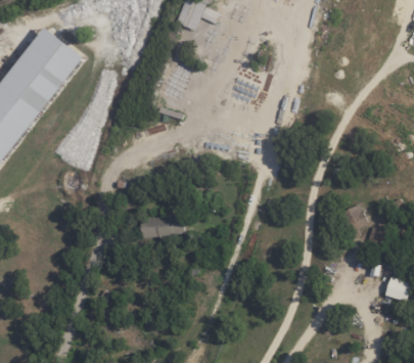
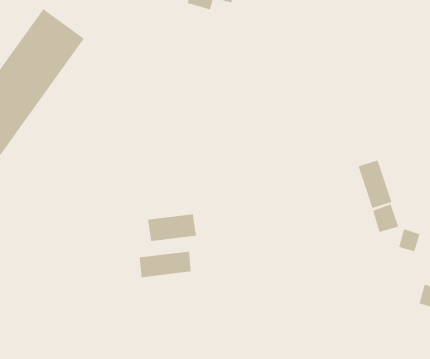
building: none -> [358,160,392,209]
building: none -> [139,251,192,278]

